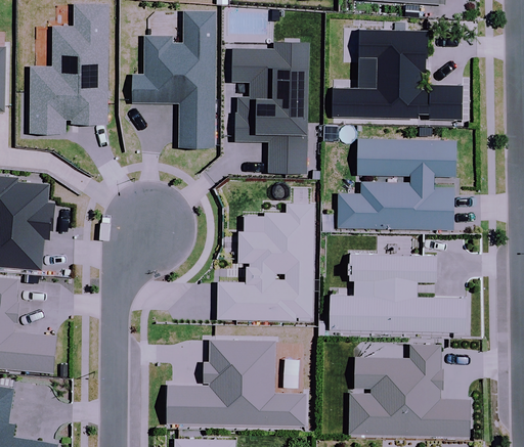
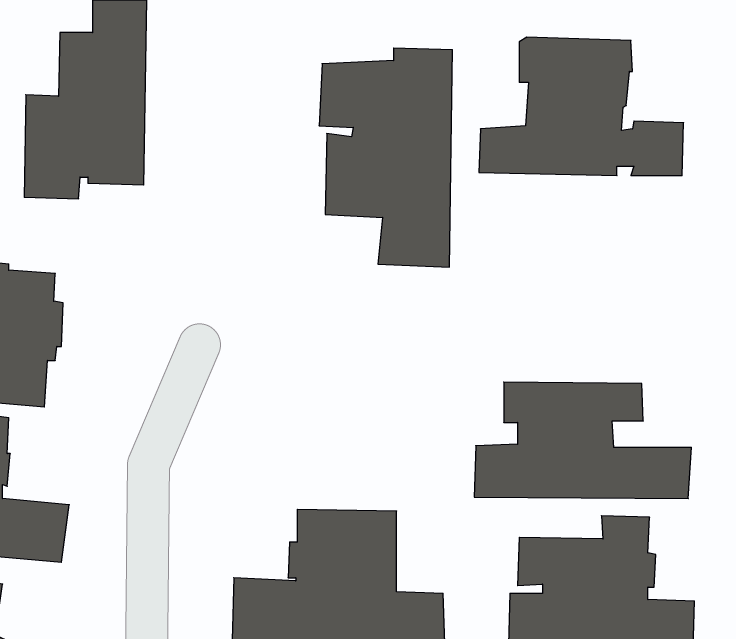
building: [131,9,215,148] -> none
building: [337,139,456,230] -> none
building: [217,204,314,320] -> none

